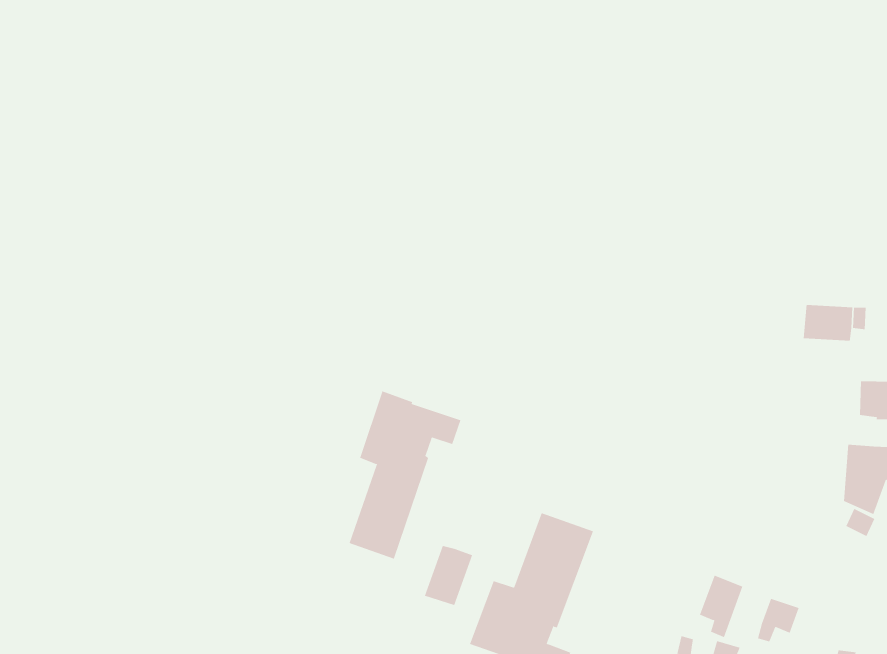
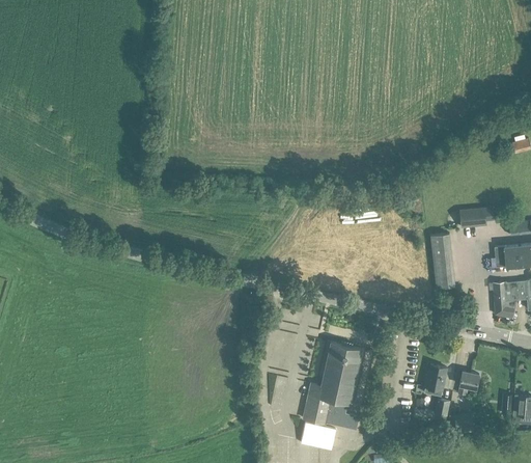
building: none -> [430,234,455,289]
building: [349,391,461,560] -> none
building: [424,545,473,606] -> none

